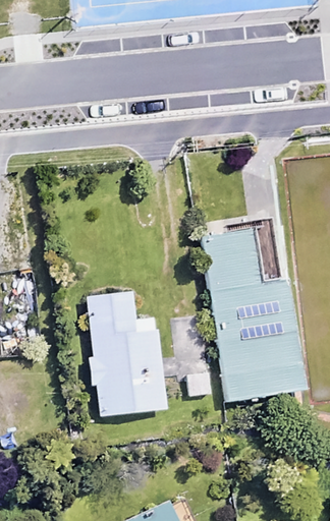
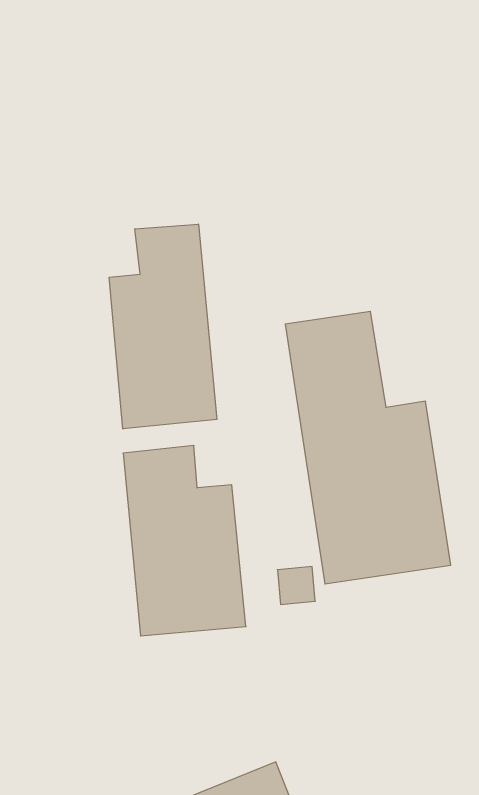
building: none -> [109,224,217,429]

